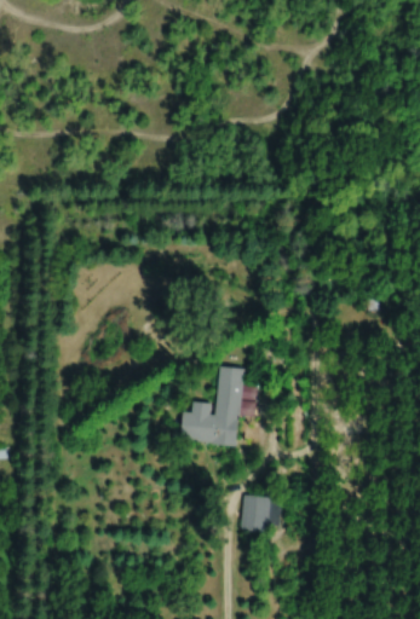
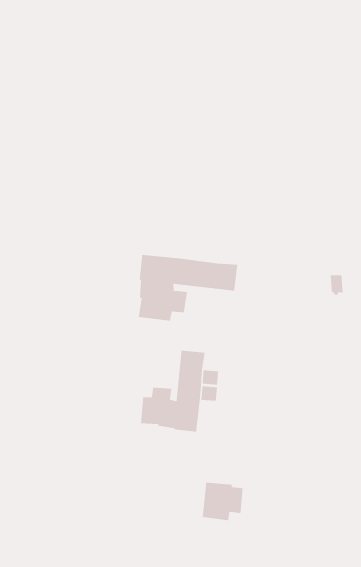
building: none -> [138,254,238,321]

